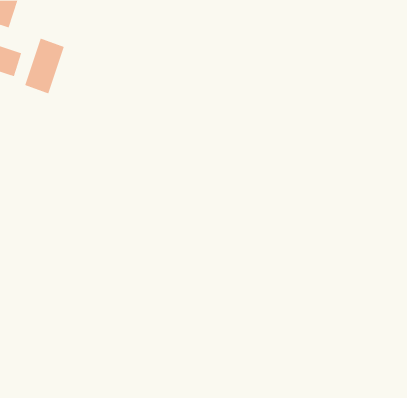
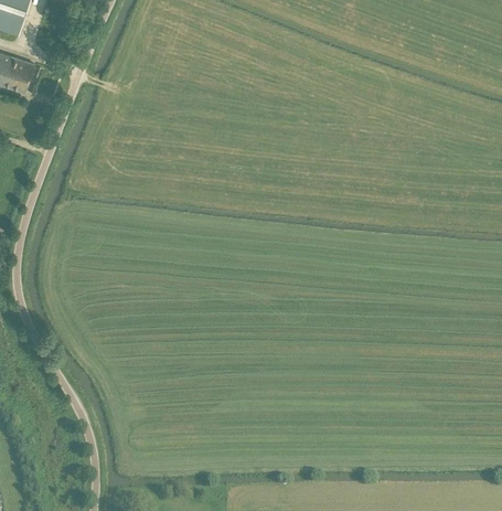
building: [24,37,65,94] -> none

